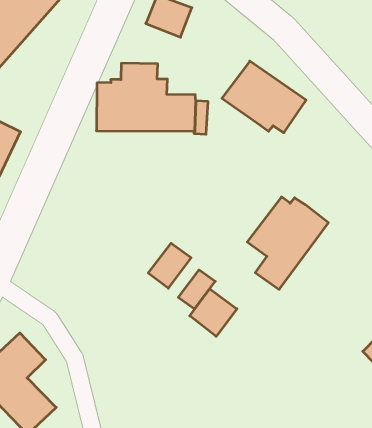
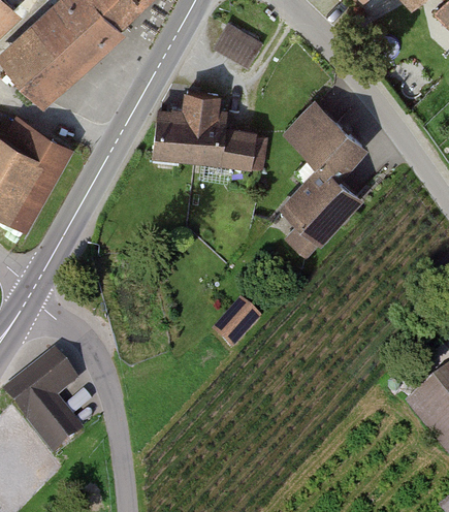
building: [247,197,328,289] -> [281,166,365,260]
building: [148,243,191,288] -> none
building: [190,289,237,336] -> none

